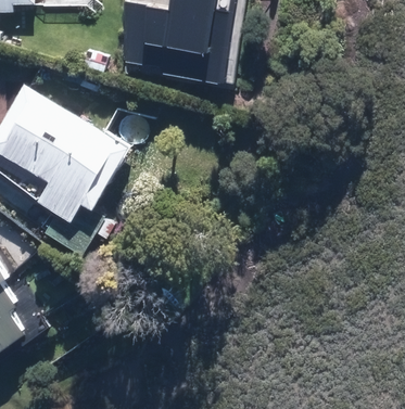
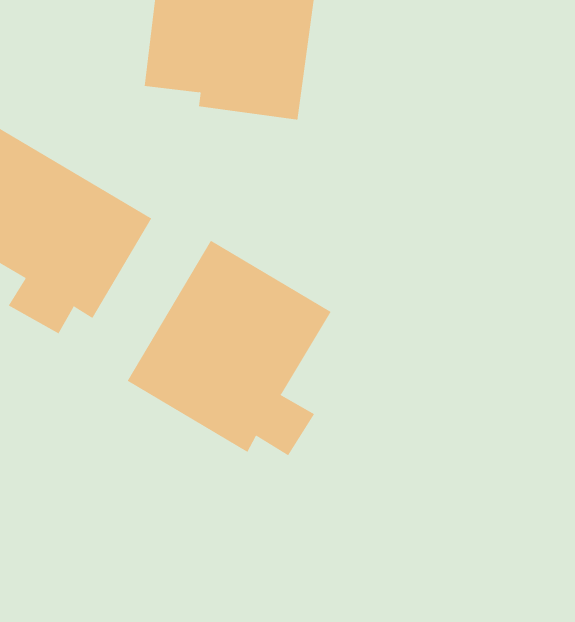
building: none -> [127,240,331,456]

